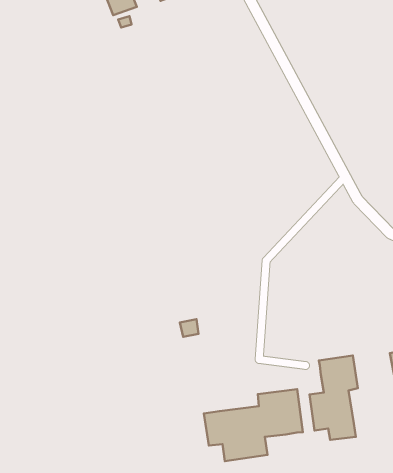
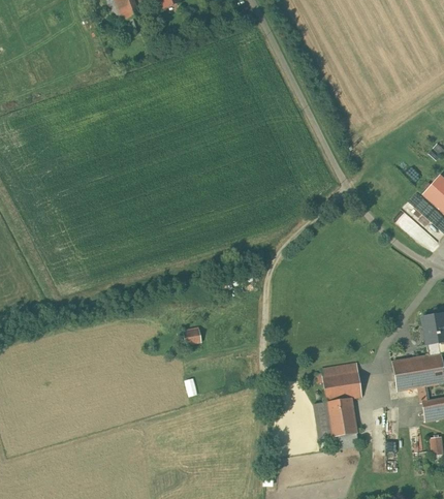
building: [204,389,303,461] -> none

